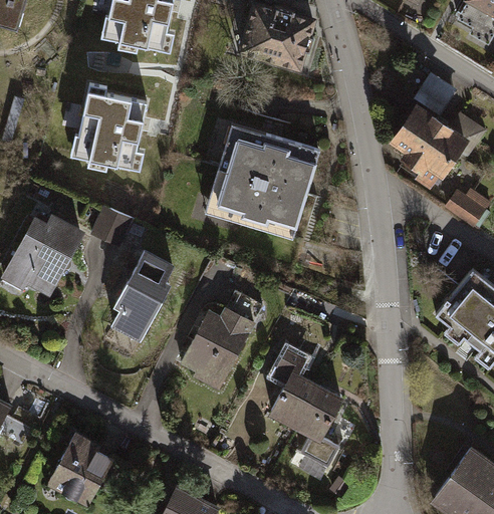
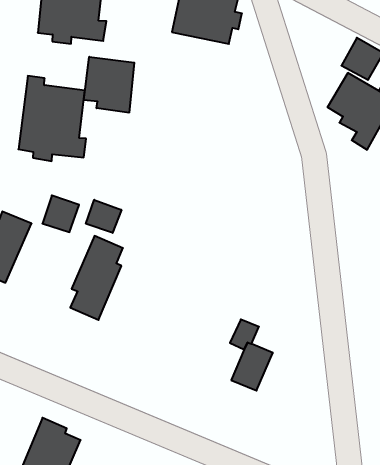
building: none -> [84,57,134,113]
building: [218,133,319,238] -> none
building: none -> [86,200,121,233]
building: [181,290,263,379] -> none
building: [296,387,341,467] -> none

